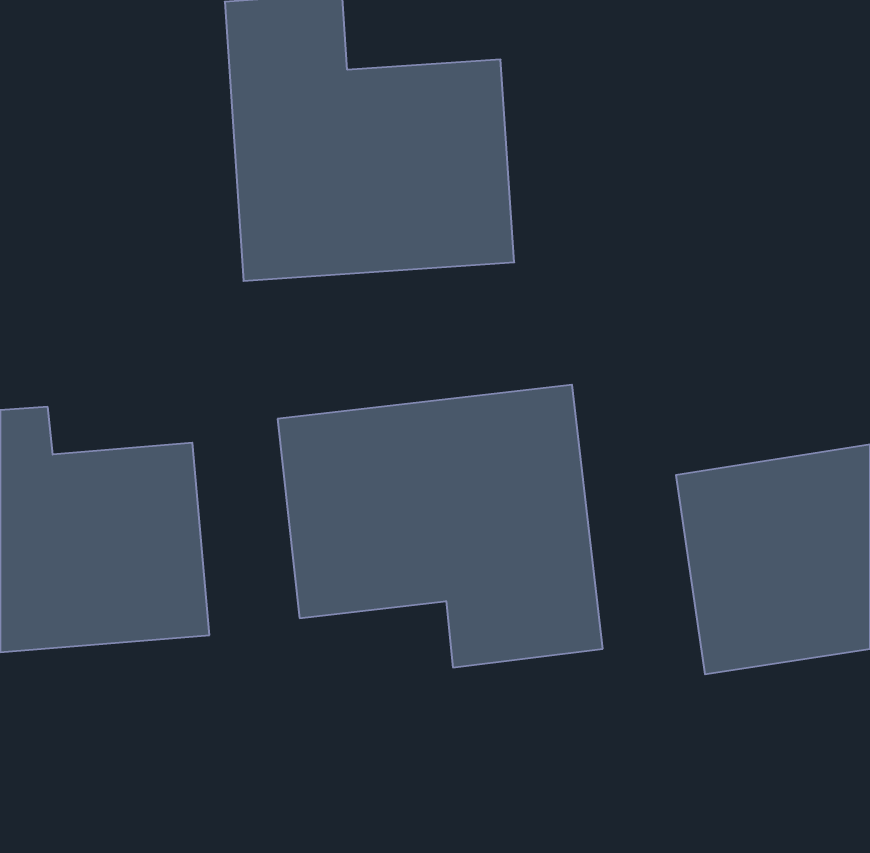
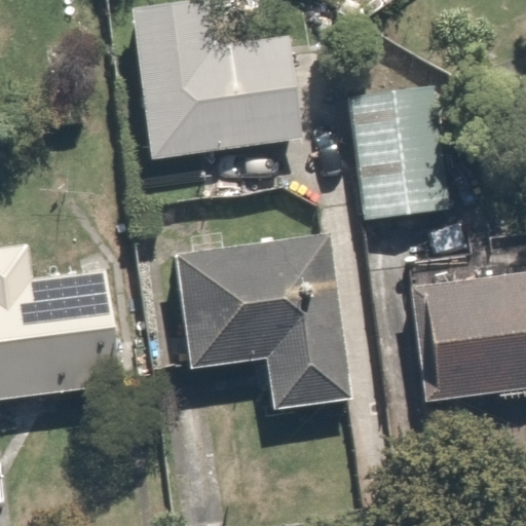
building: none -> [341,71,452,224]

